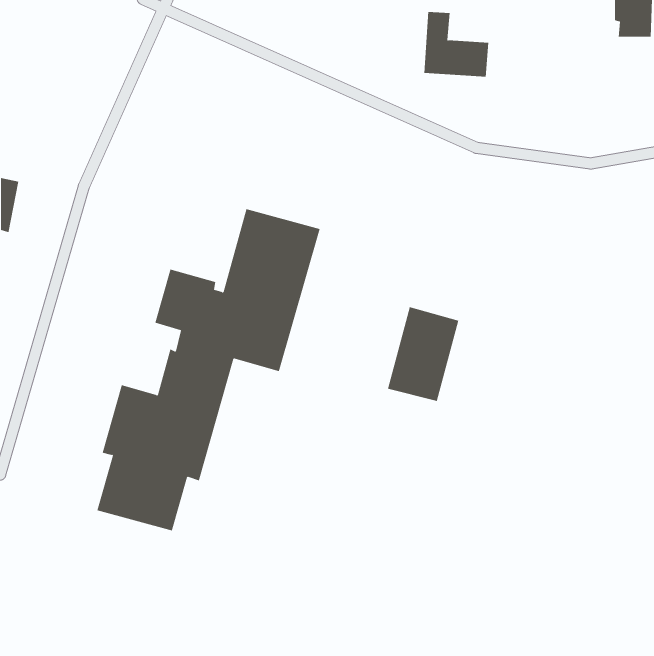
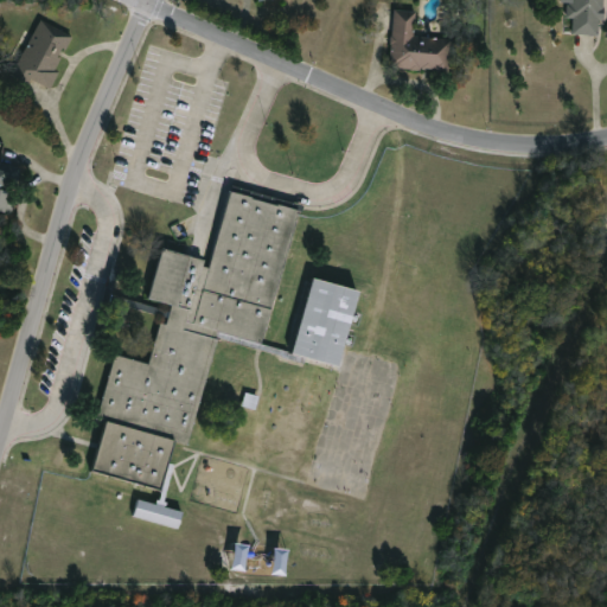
building: none -> [13,19,78,91]
building: [387,306,459,402] -> [290,277,357,365]
building: none -> [135,497,185,530]

